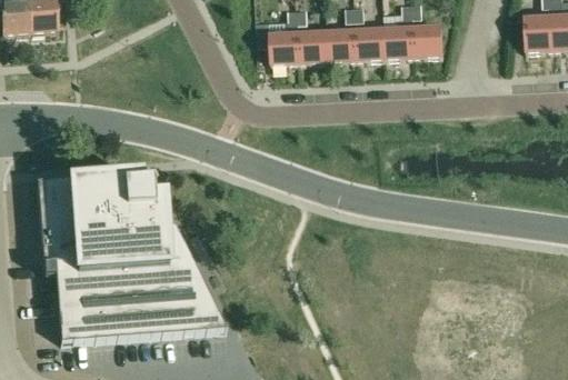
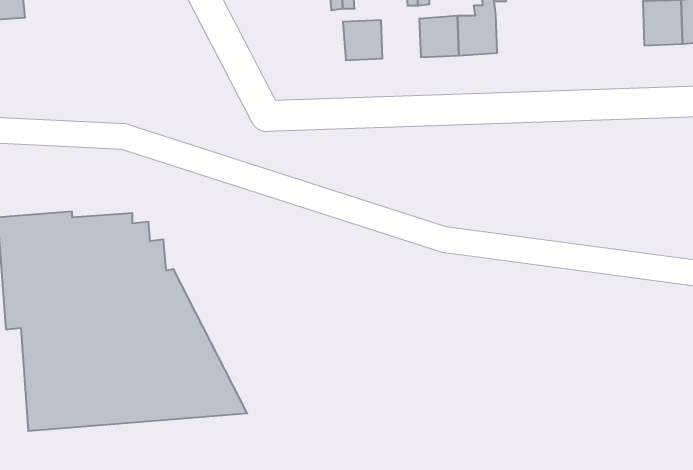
building: [413,26,444,56] -> none
building: [327,30,357,60] -> none
building: [270,32,300,63] -> none

